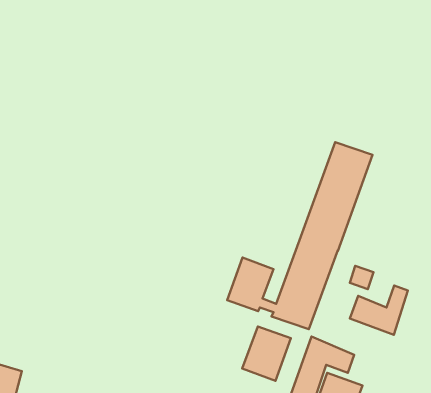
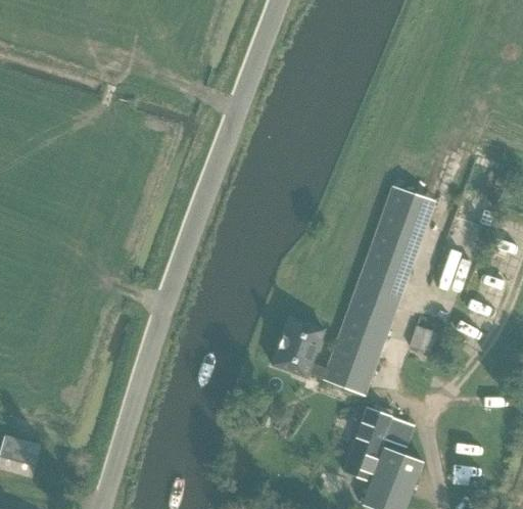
building: [350,285,408,335] -> none
building: [242,327,291,381] -> none

